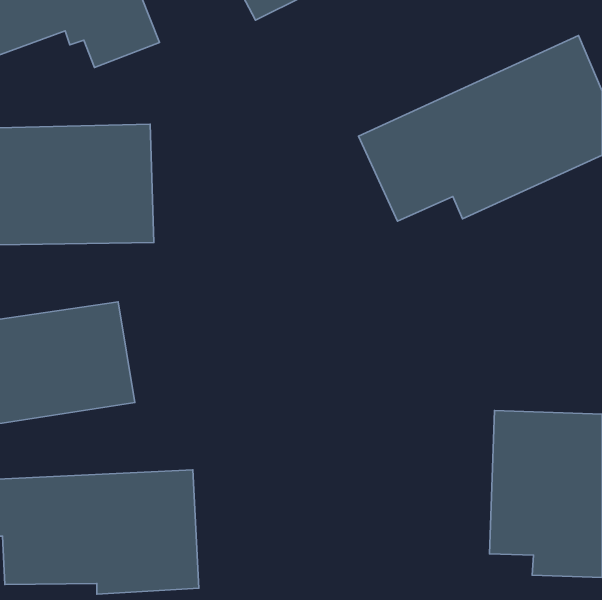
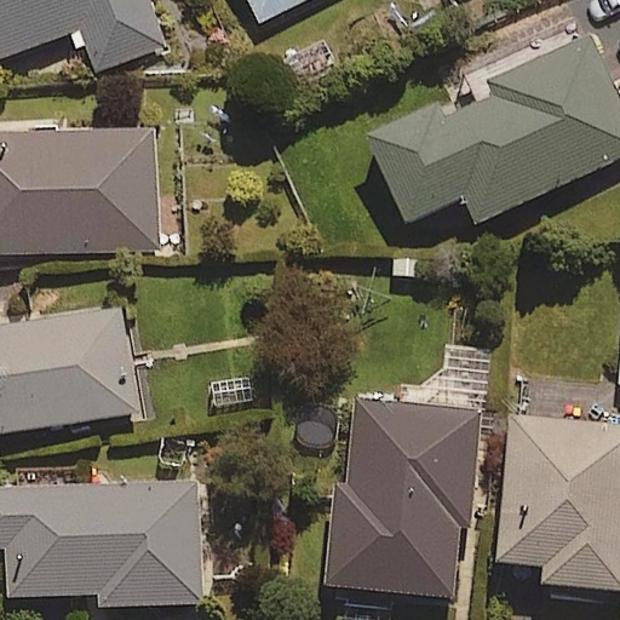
building: none -> [329,398,476,595]

